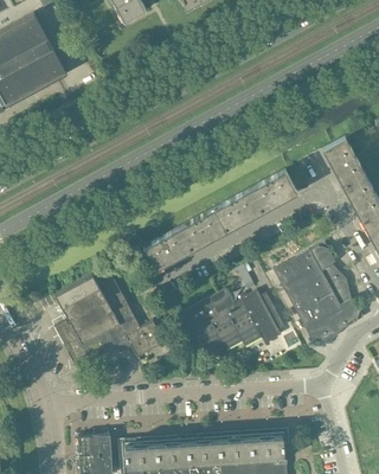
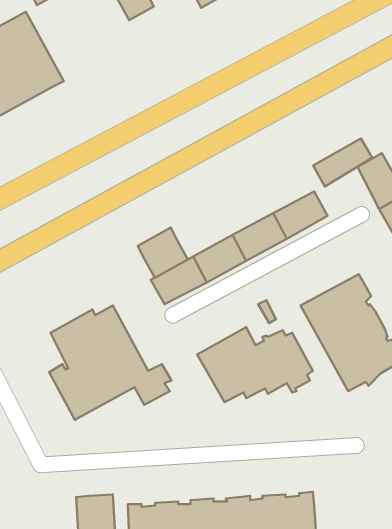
building: none -> [313,138,372,187]
building: none -> [138,228,188,278]

